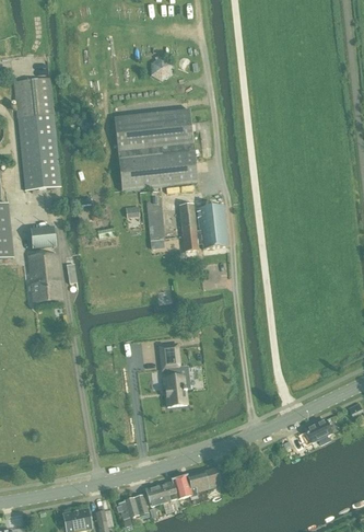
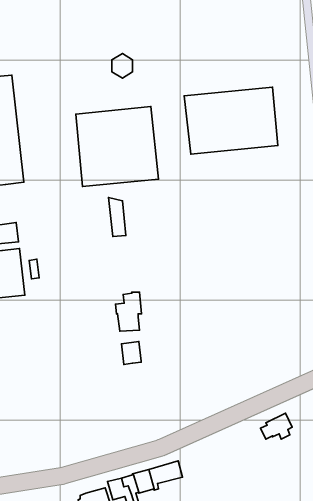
building: none -> [184,87,278,154]
building: [178,203,227,250] -> none
building: [162,366,188,405] -> [115,292,142,331]

